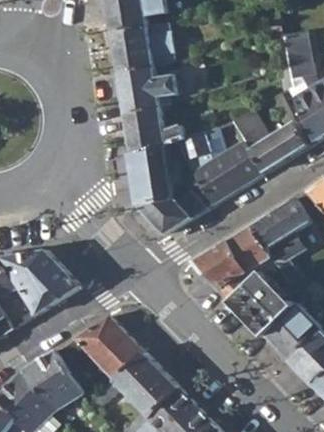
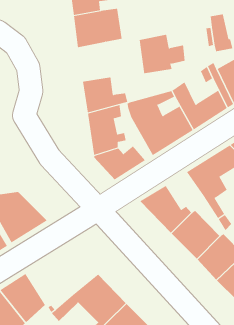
building: [116,65,174,114] -> [139,34,186,74]
building: [226,226,271,272] -> none
building: [72,316,142,378] -> none

